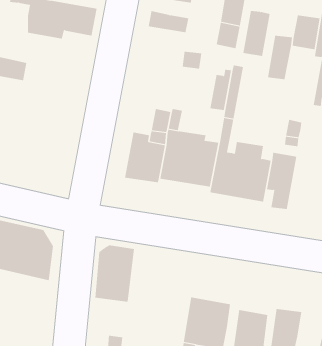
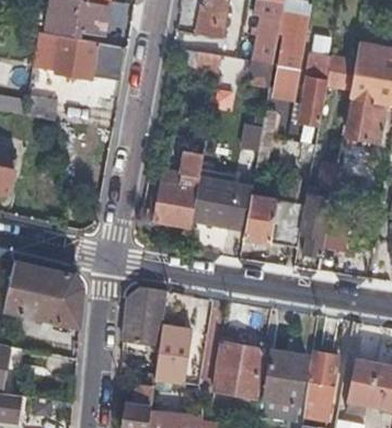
building: none -> [153,329,192,389]

